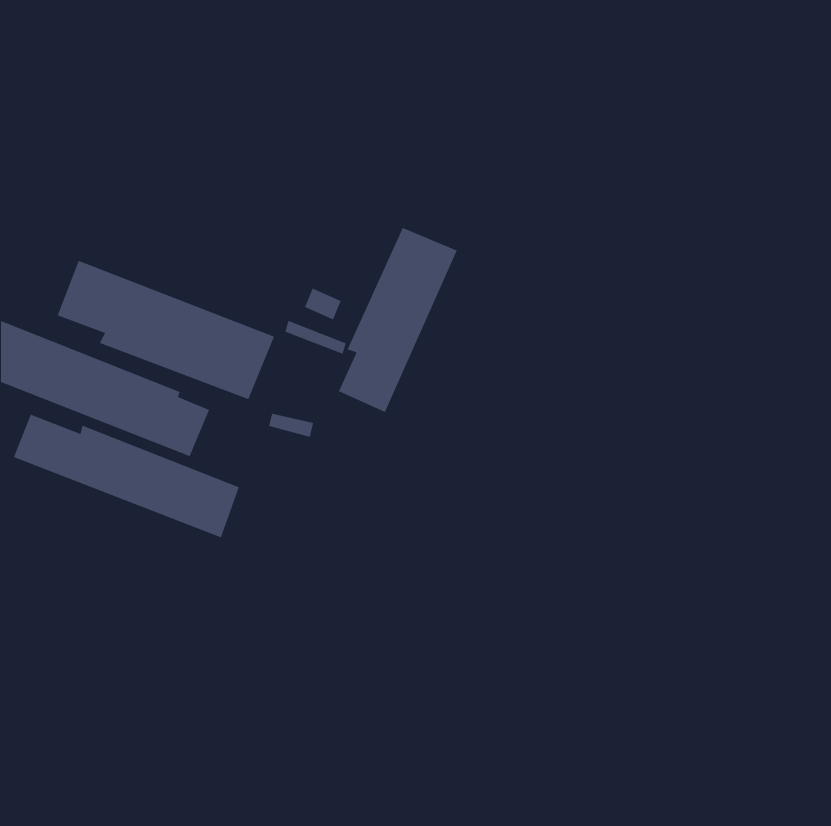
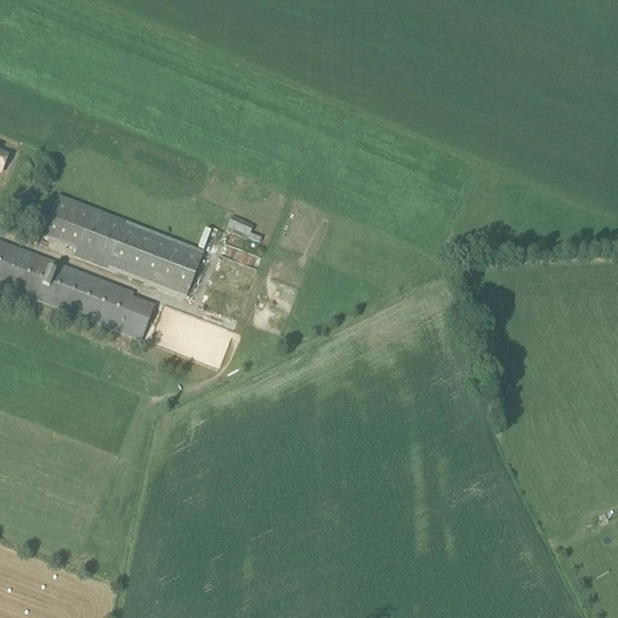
building: [338,227,457,413] -> none
building: [13,414,240,538] -> none

